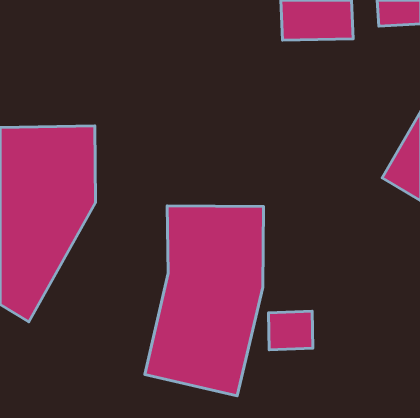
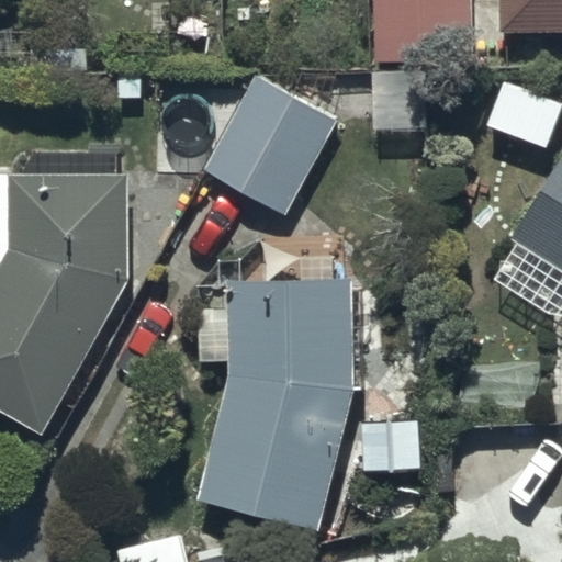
building: none -> [204,76,336,211]

